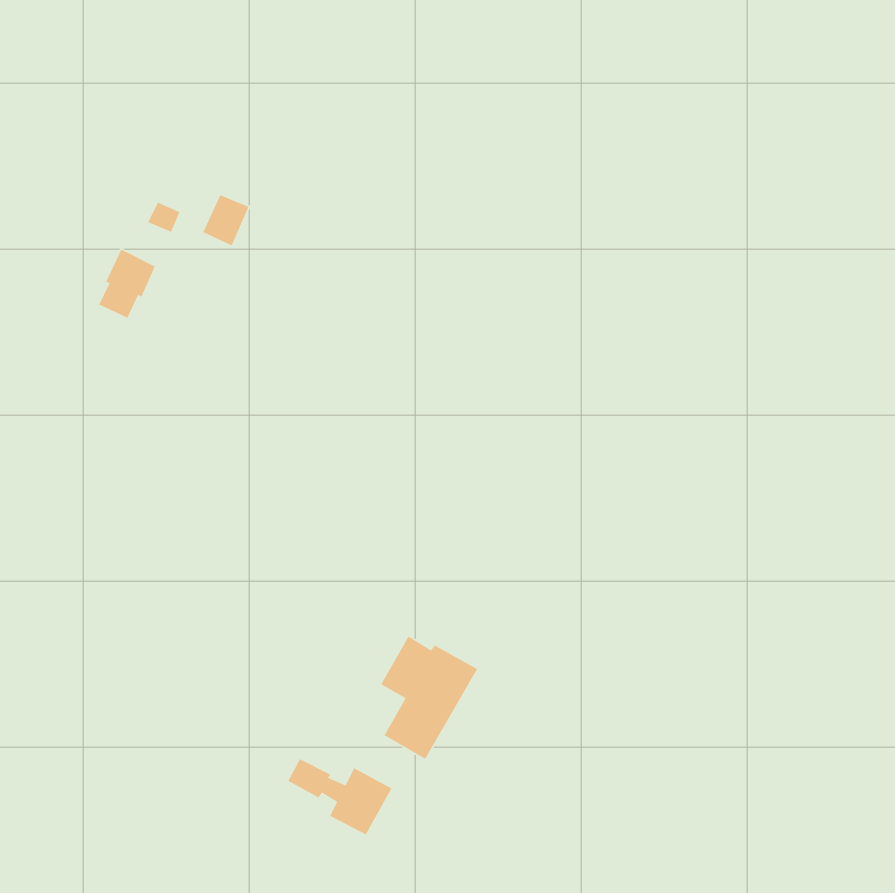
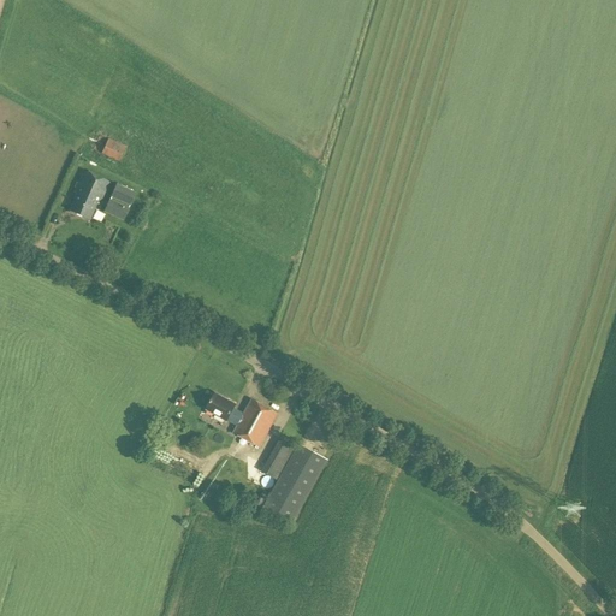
building: [202,194,250,247] -> [103,184,136,220]
building: [287,758,392,835] -> [205,393,277,446]

